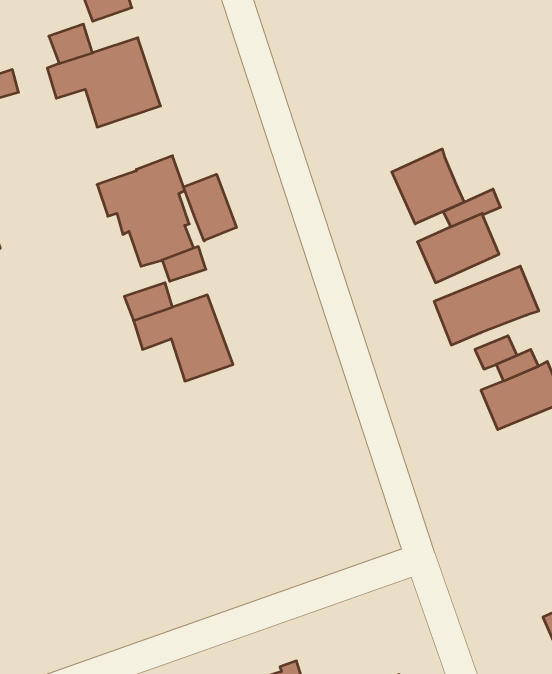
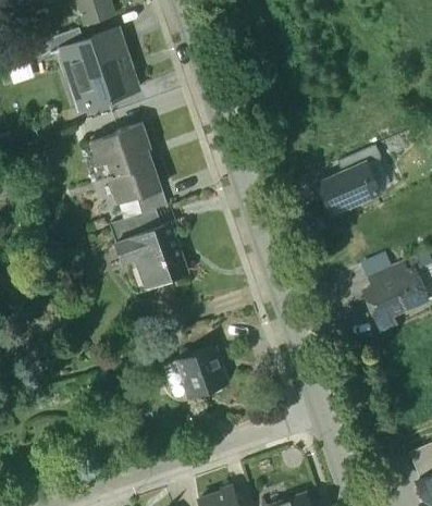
building: [392,149,464,224] -> none
building: [183,174,236,241] -> none
building: [434,266,539,345] -> none
building: none -> [160,349,226,397]

